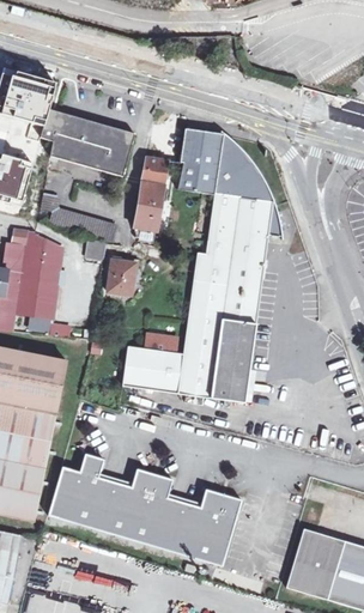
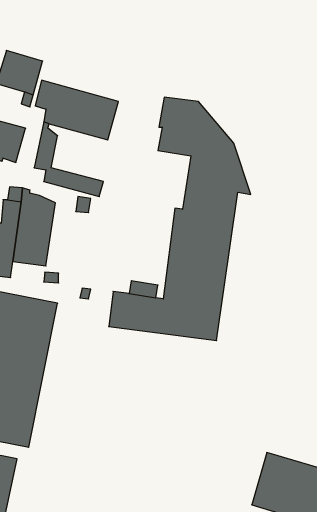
building: [133,157,169,230] -> none
building: [107,259,139,295] -> none
building: [48,451,241,565] -> none

